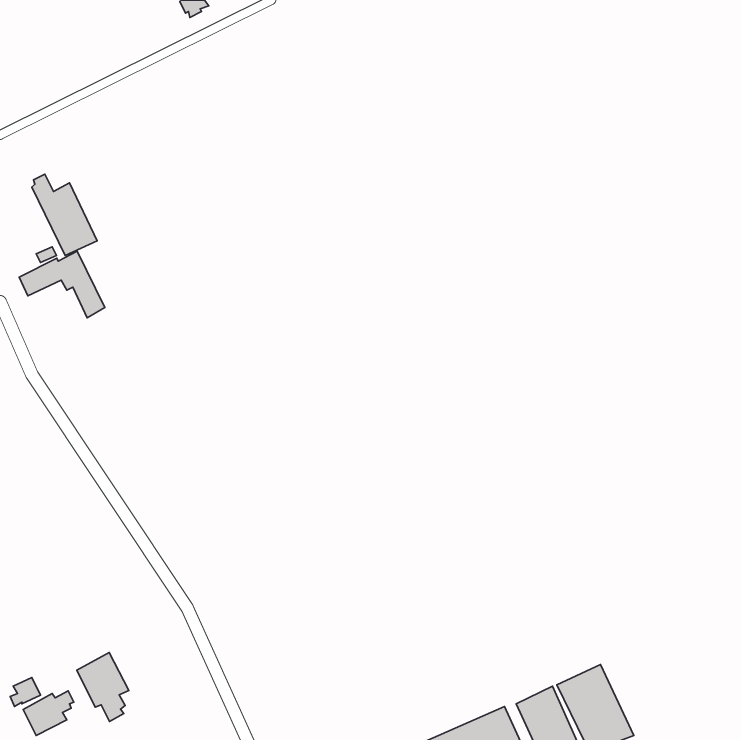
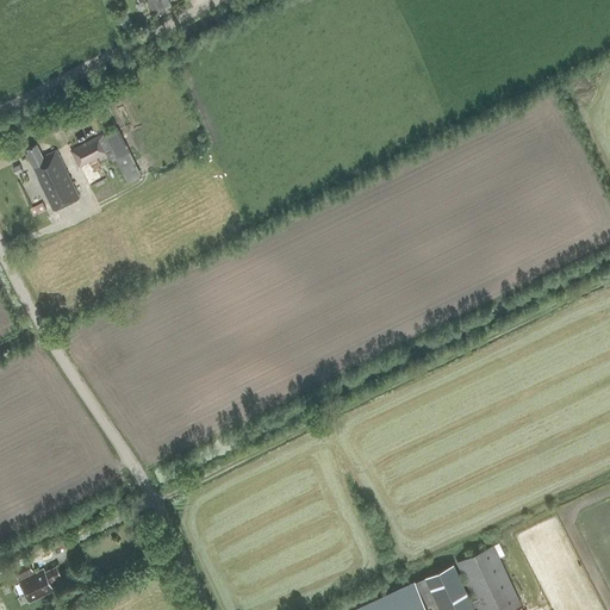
building: [19,251,105,318] -> [71,130,142,185]
building: [77,653,129,721] -> none

